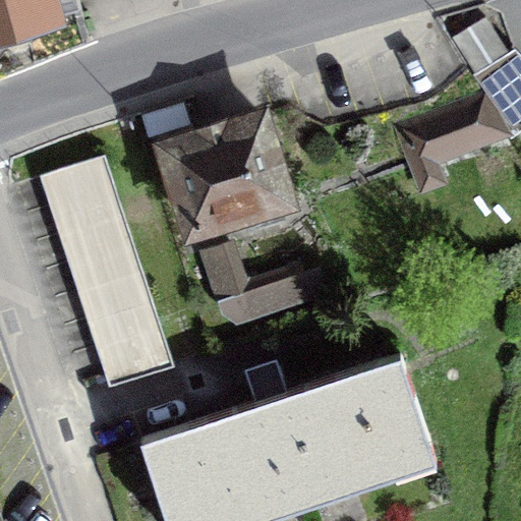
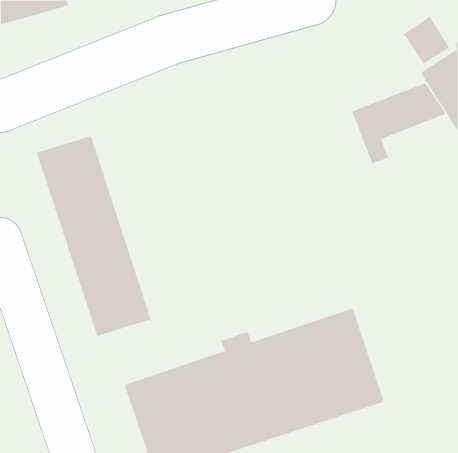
building: [166,120,286,231] -> none
building: [204,246,325,324] -> none

